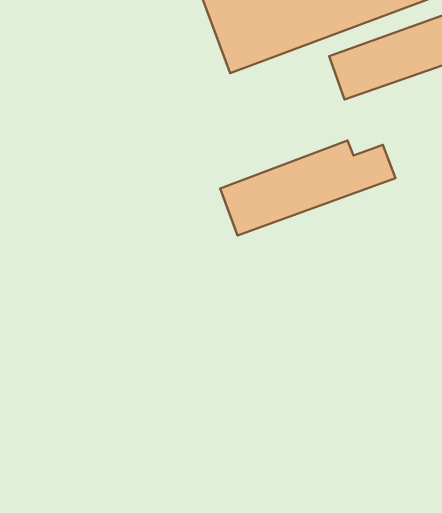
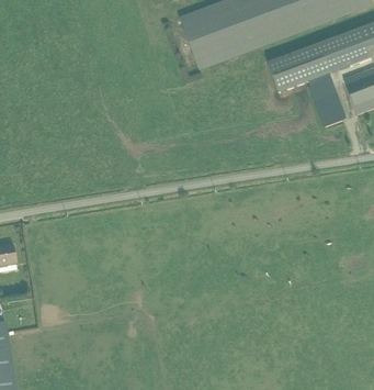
building: [220,140,395,235] -> none

